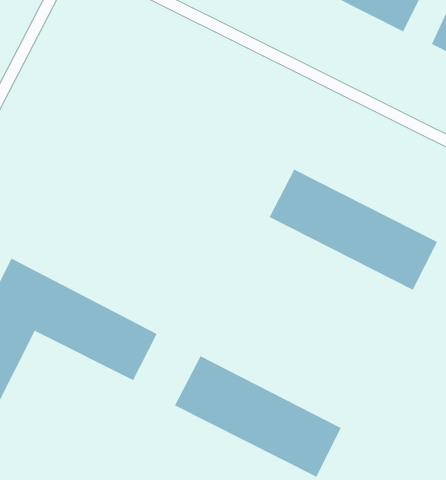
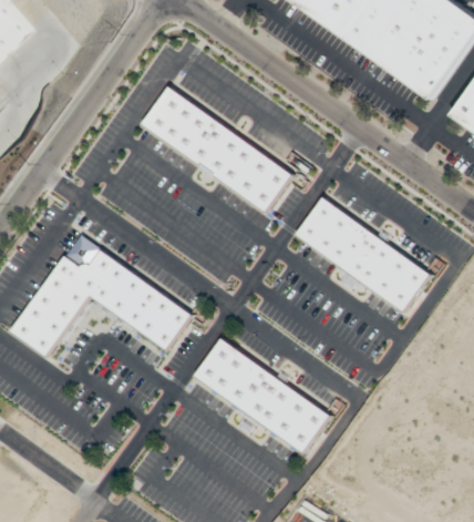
building: none -> [143,86,293,213]

